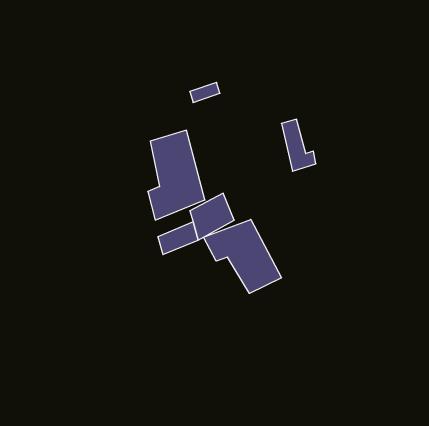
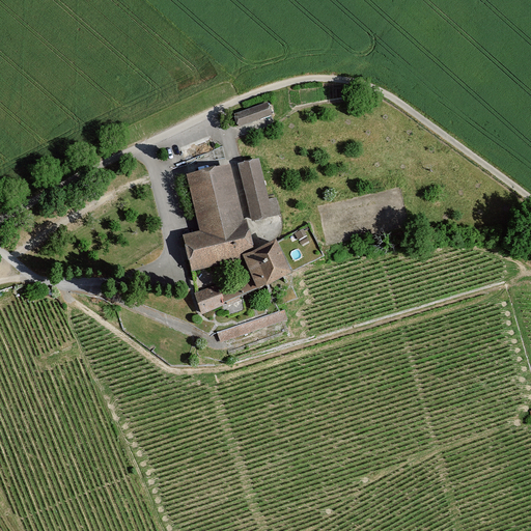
building: [281,119,316,171] -> [239,156,281,220]
building: [204,219,281,293] -> none

